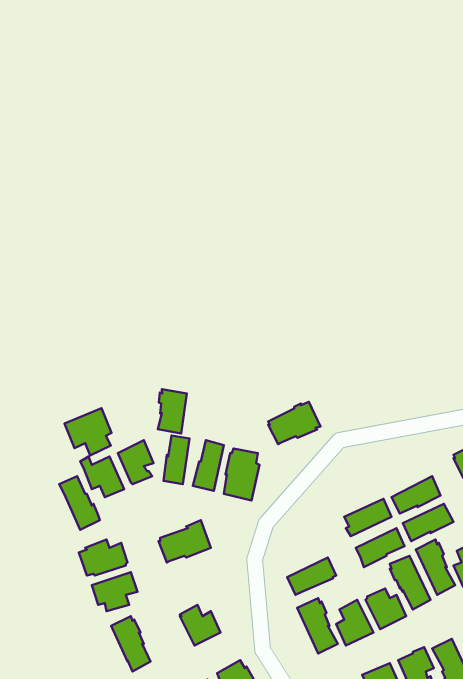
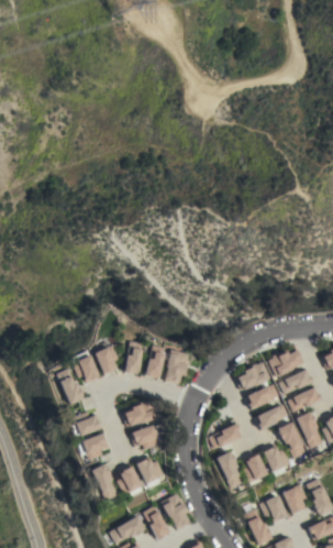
building: [158,389,187,433] -> none
building: [268,402,320,444] -> [235,362,270,391]
building: [64,408,112,455] -> none
building: none -> [268,347,304,376]
building: none -> [130,425,159,450]
building: none -> [116,465,143,496]

